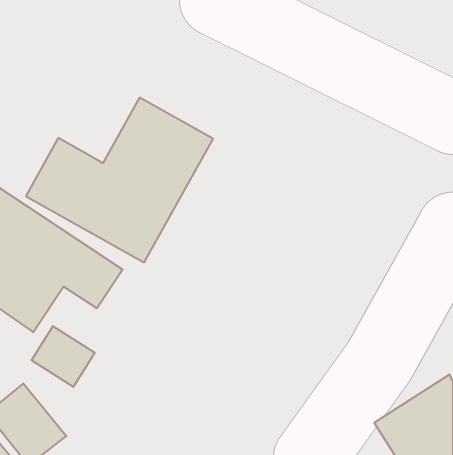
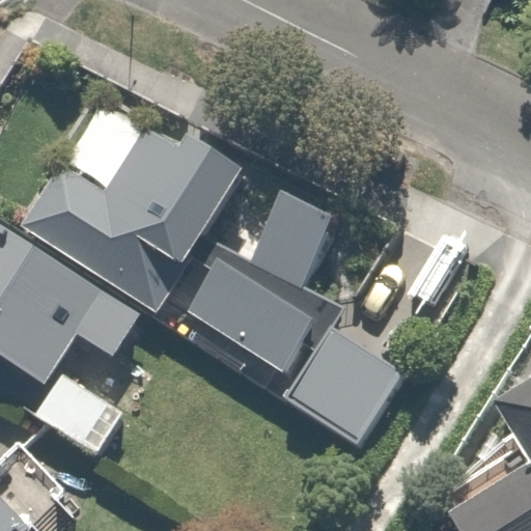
building: none -> [185,192,332,370]
building: none -> [278,331,395,450]

